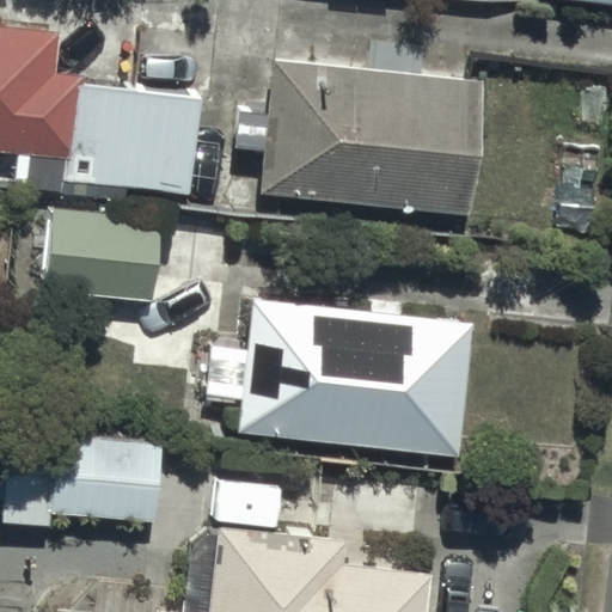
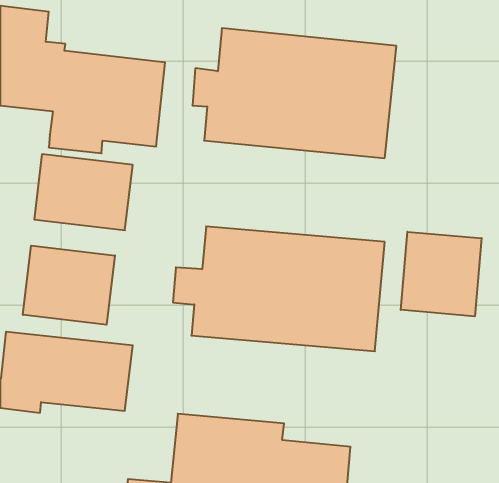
building: none -> [401,232,482,316]
building: none -> [23,246,115,325]

